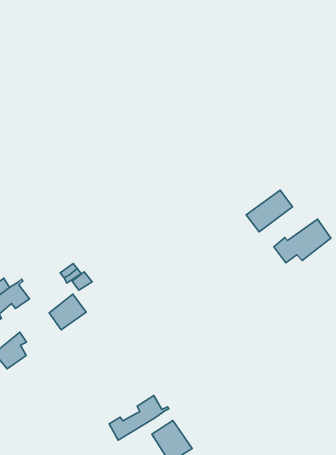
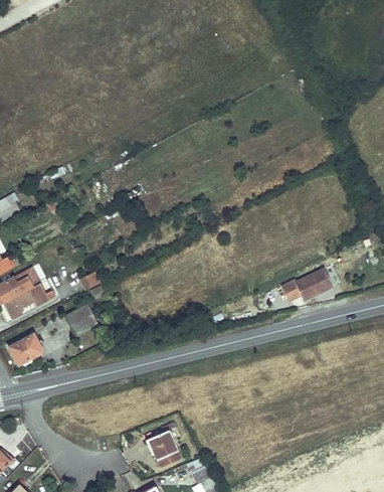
building: [246,190,292,232] -> none
building: [109,395,169,440] -> none

